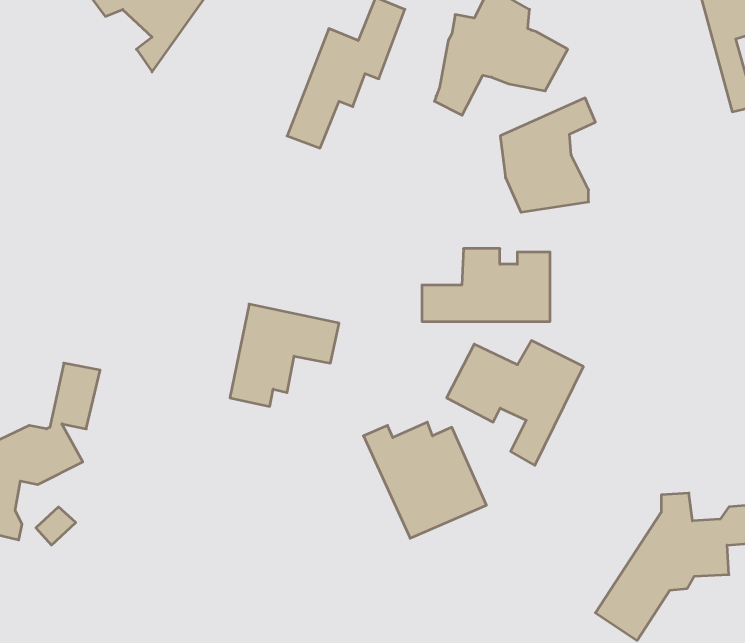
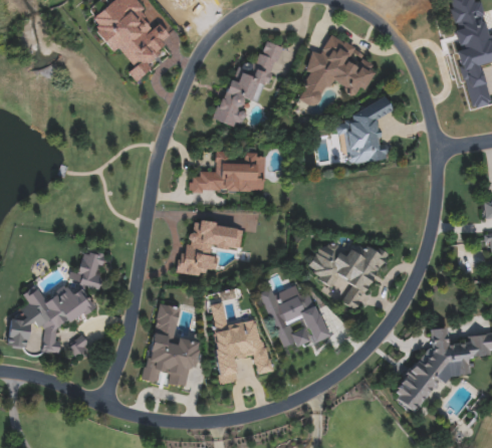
building: [422,249,550,321] -> [191,151,265,193]
building: none -> [213,301,276,382]
building: none -> [145,303,198,388]

